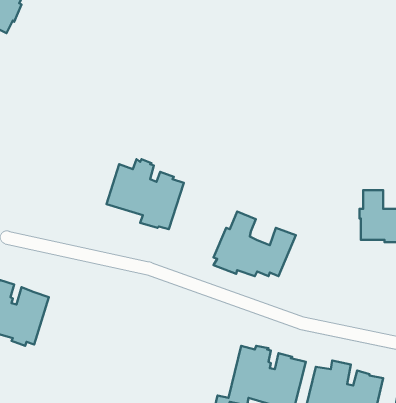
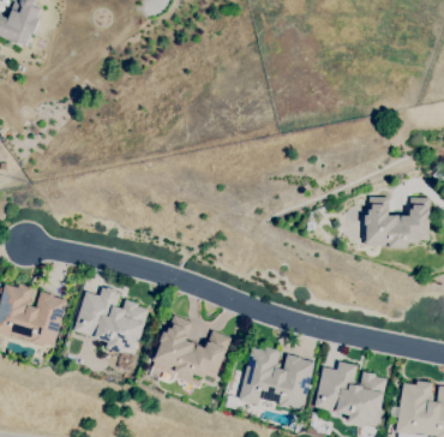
building: [107,159,184,229] -> [74,287,149,354]
building: [214,212,296,276] -> [152,316,232,378]

